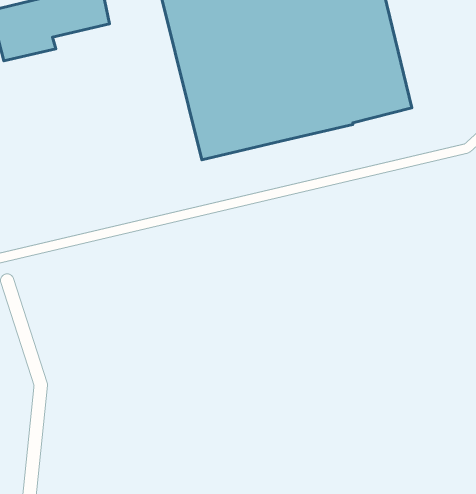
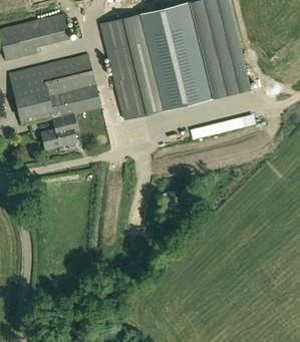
building: none -> [9,54,101,149]

